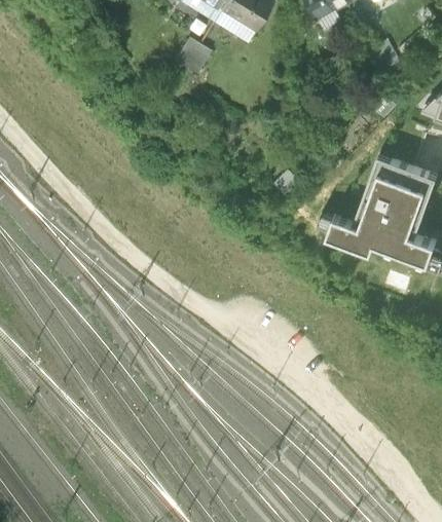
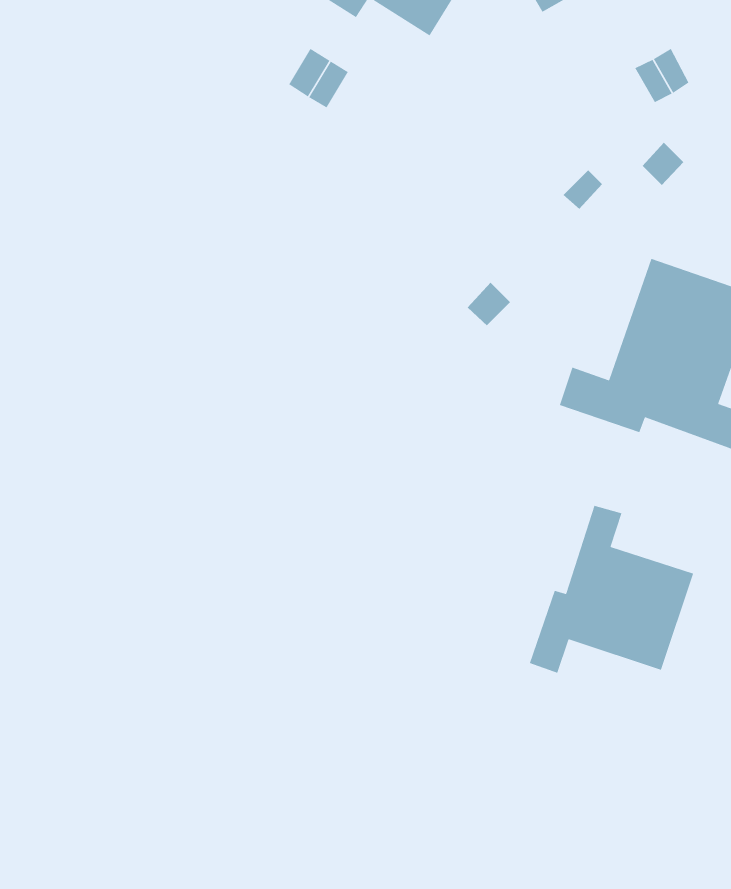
building: none -> [529,505,694,674]

